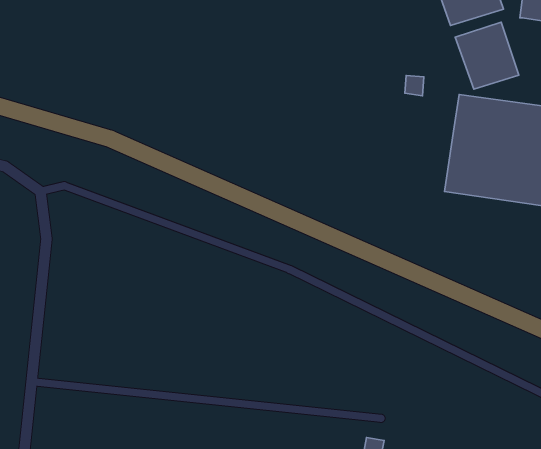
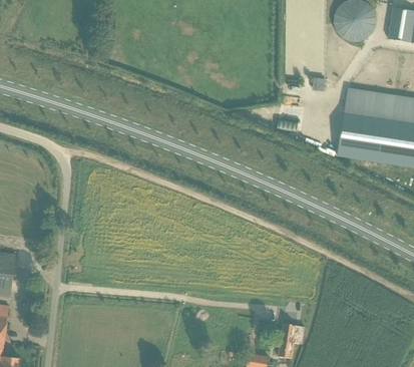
building: [455,22,519,89] -> none

